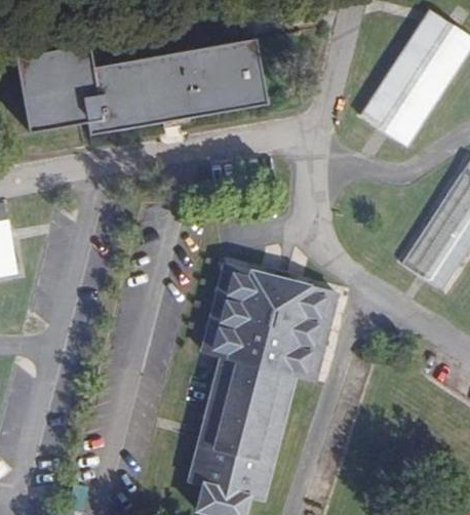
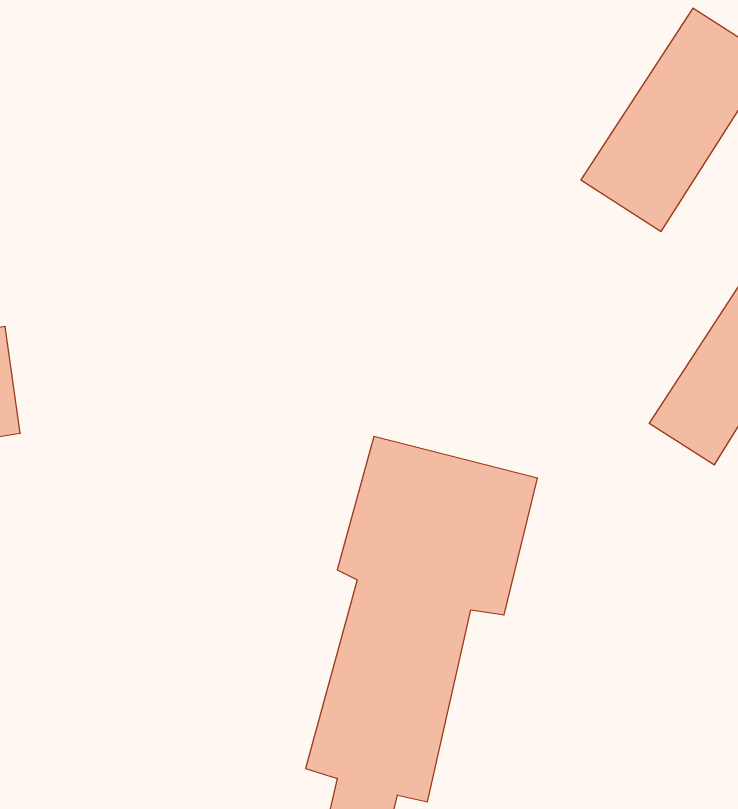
building: [17,34,269,140] -> none

